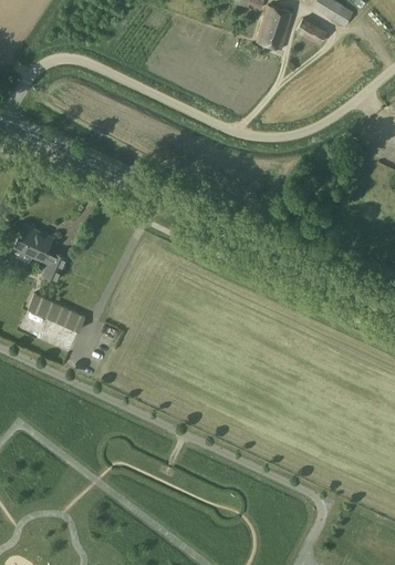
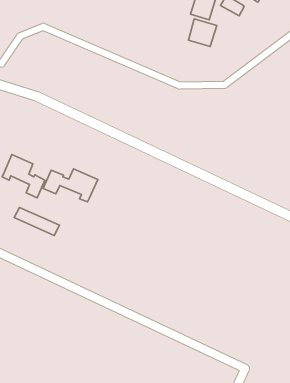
building: none -> [188,19,217,46]
building: none -> [43,169,98,202]

